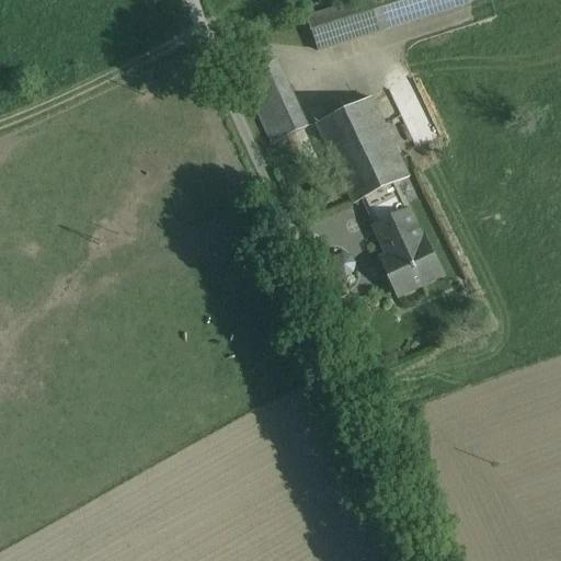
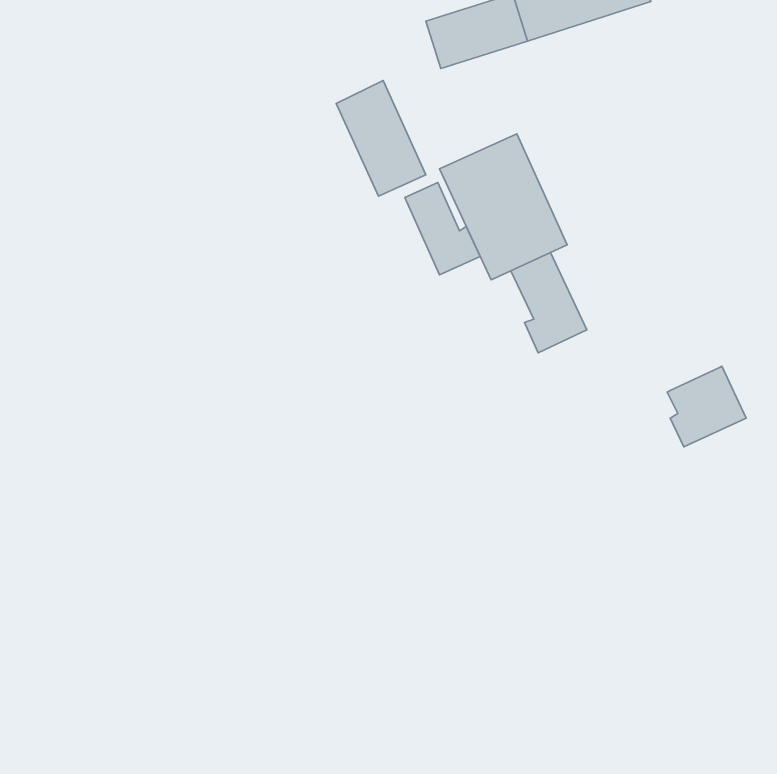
building: none -> [405,183,480,275]
building: [386,237,443,295] -> [667,366,746,447]

